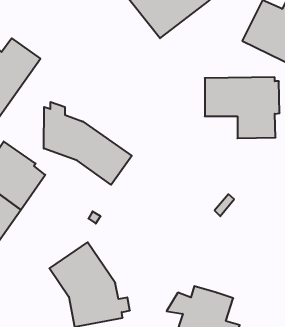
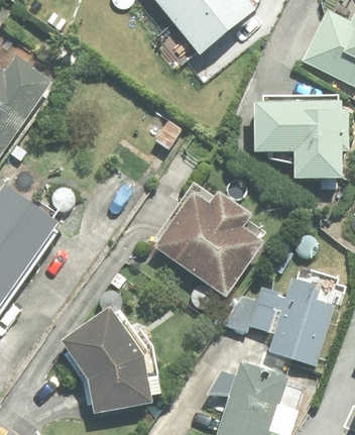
building: [44,102,132,185] -> none
building: none -> [154,193,263,297]
building: none -> [248,278,334,376]

